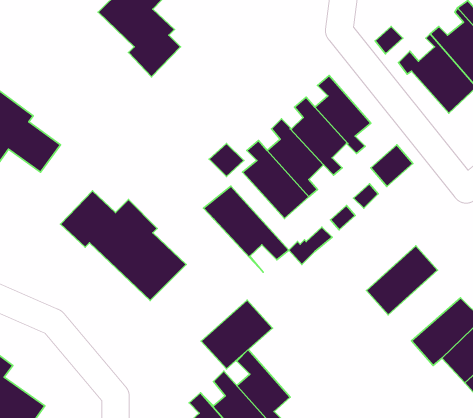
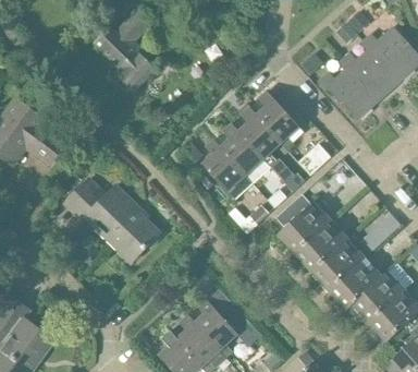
building: [204,186,289,272] -> none
building: none -> [276,201,332,253]
building: none -> [311,238,366,291]
building: [201,300,273,369] -> none

